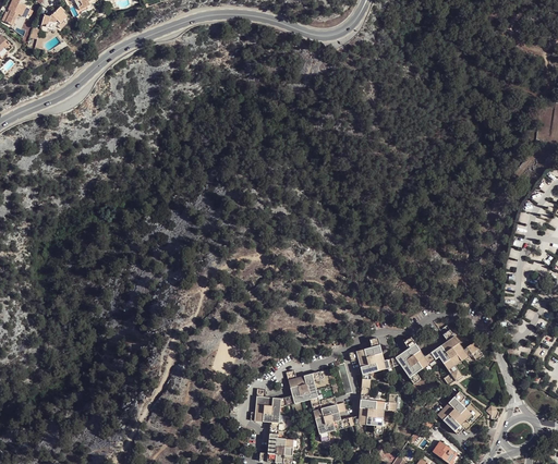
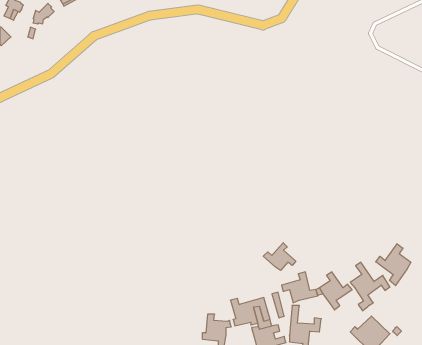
building: none -> [263,243,296,270]
building: none -> [376,244,411,286]

